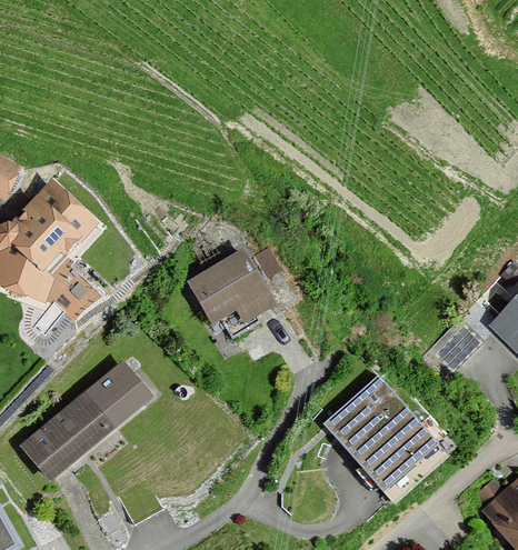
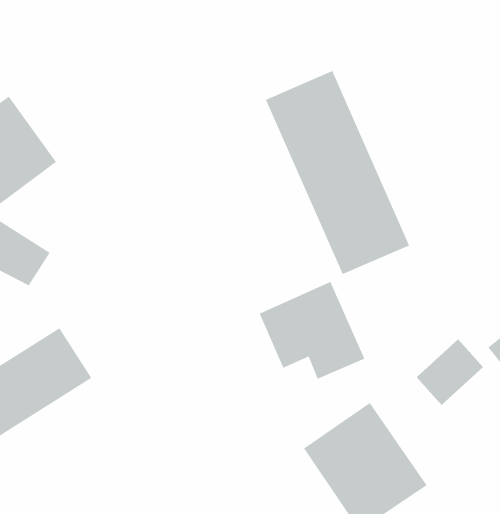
building: none -> [265,70,410,275]
building: [192,253,286,337] -> [259,281,365,379]

